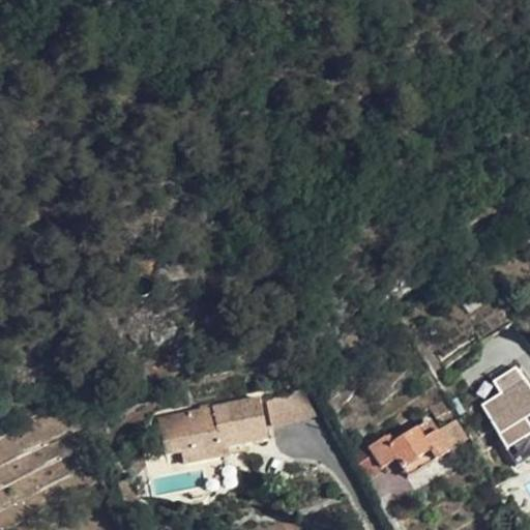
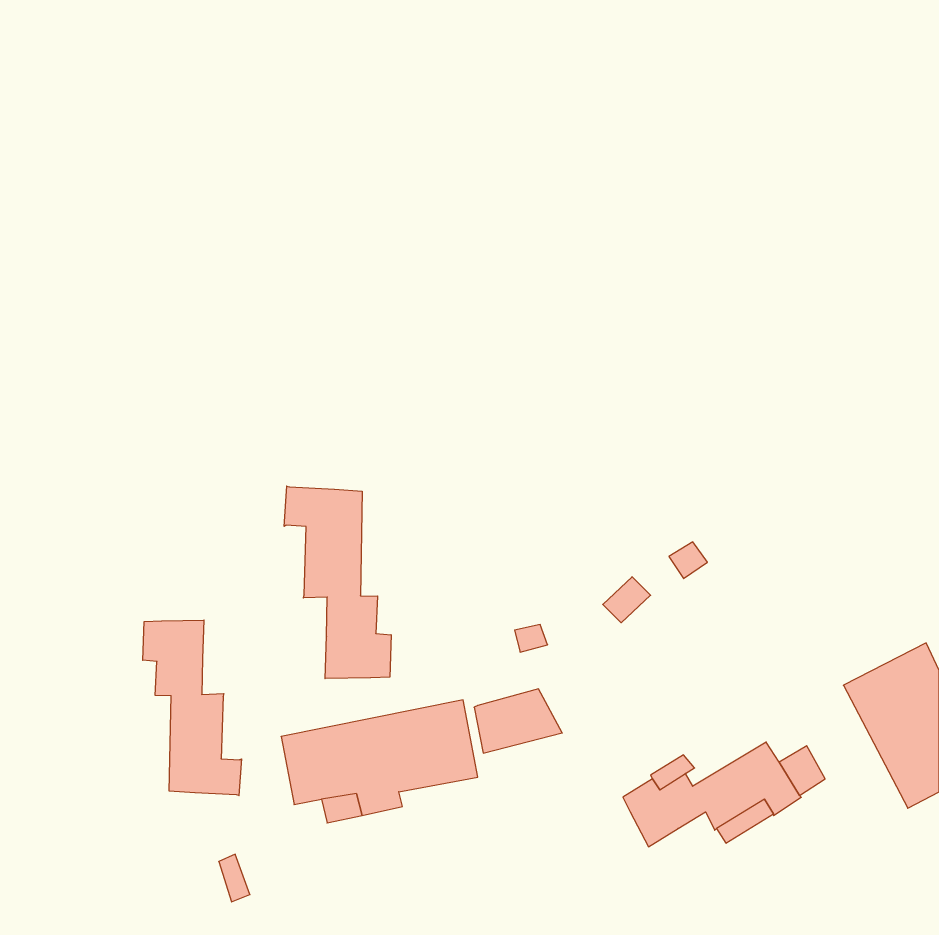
building: none -> [284,486,391,679]
building: none -> [143,620,241,796]

